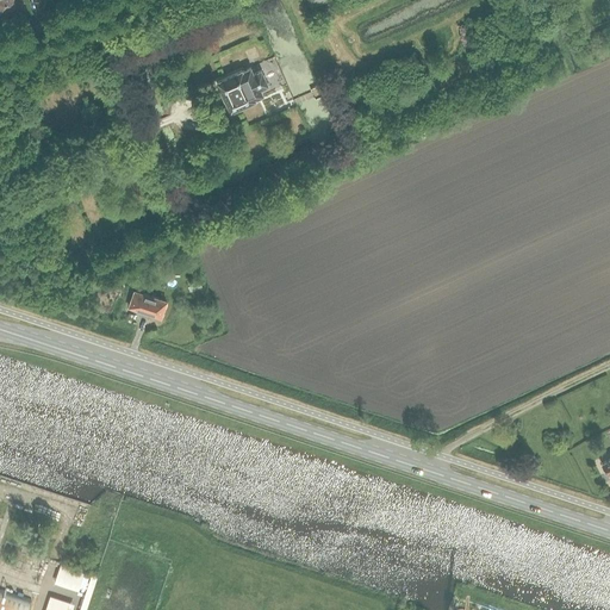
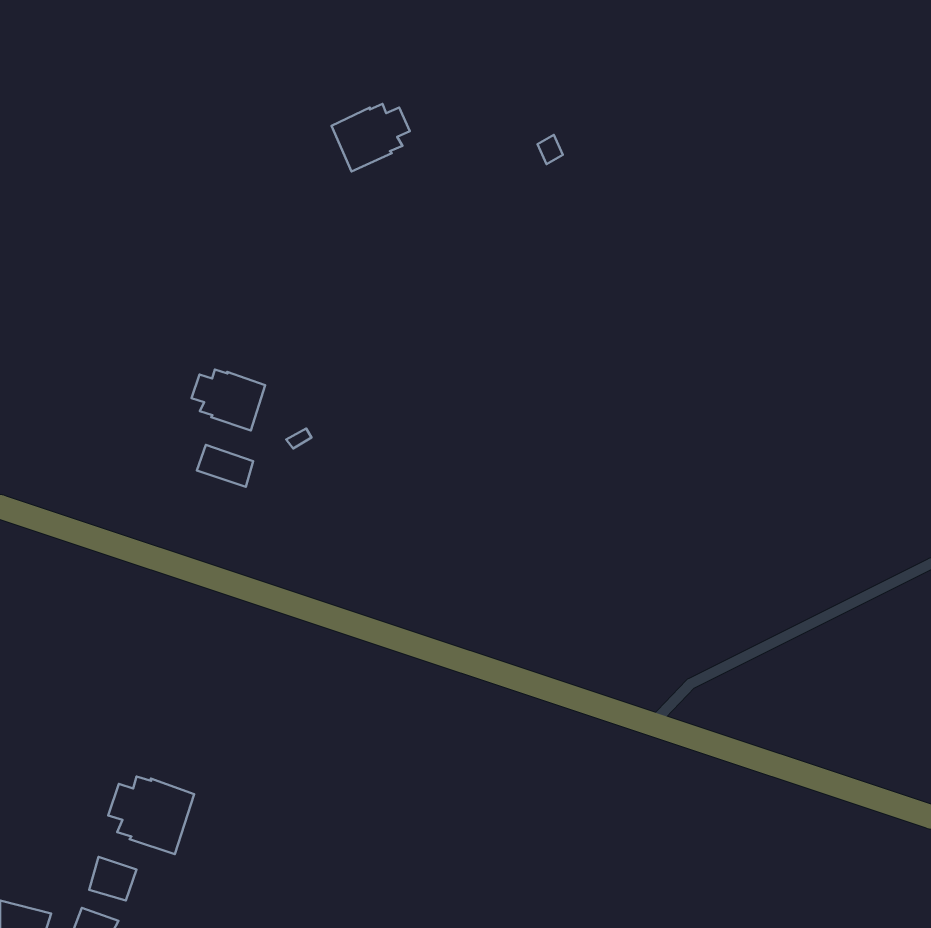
building: none -> [192,370,265,430]
building: none -> [108,776,194,854]

